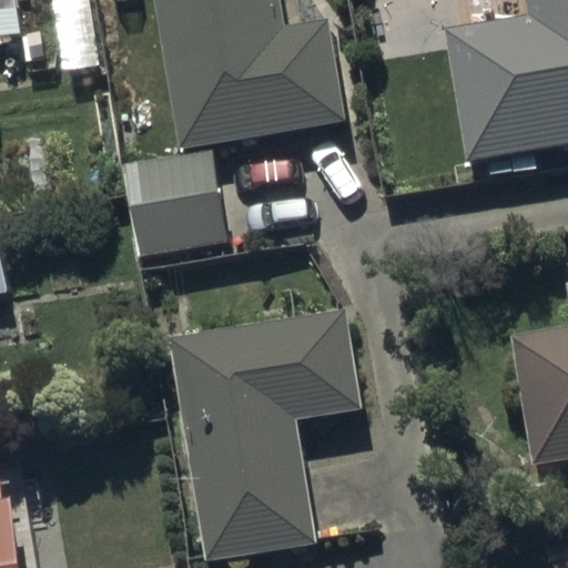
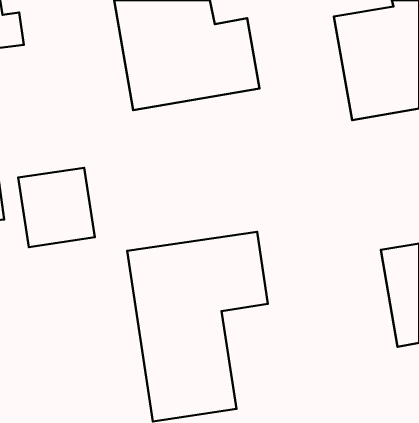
building: [123,151,226,257] -> [18,168,95,247]

